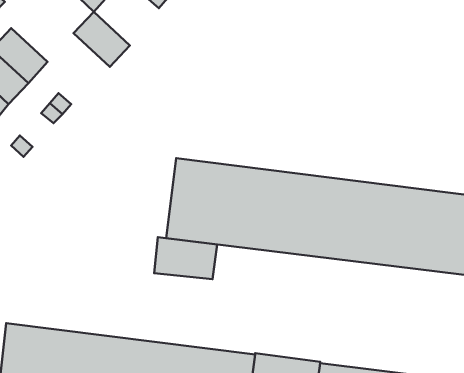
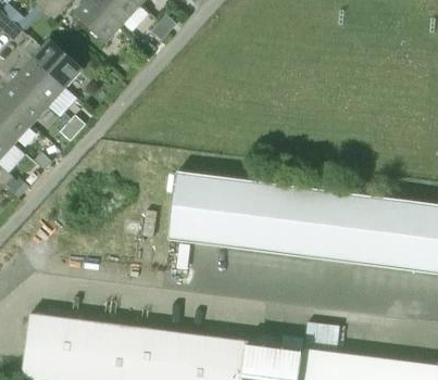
building: [74,12,130,67] -> [34,39,83,87]
building: [154,237,217,279] -> none

